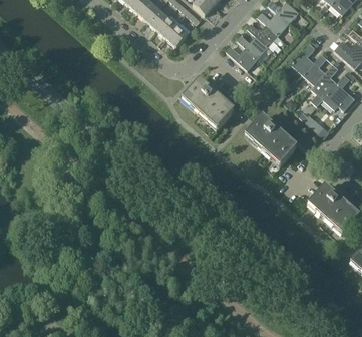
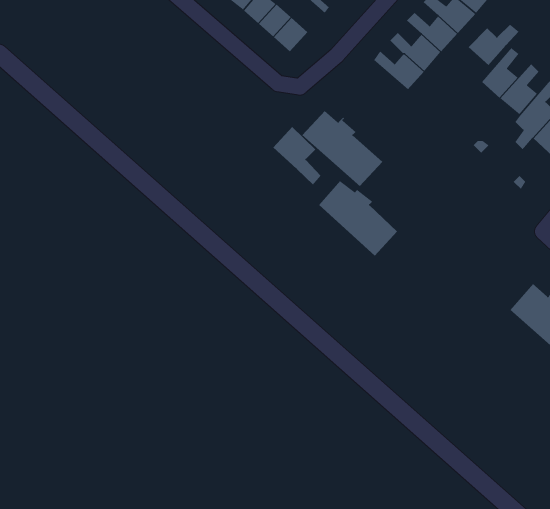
building: none -> [468,24,520,66]
building: none -> [273,126,321,185]
building: [247,118,295,164] -> [318,180,398,256]

